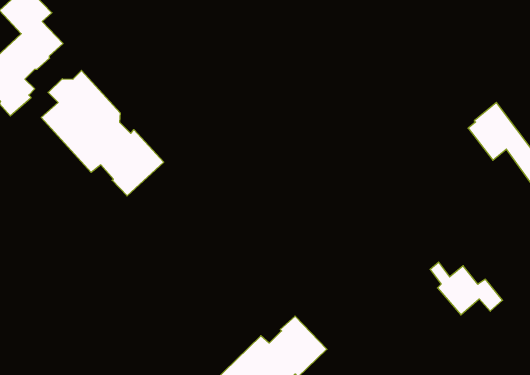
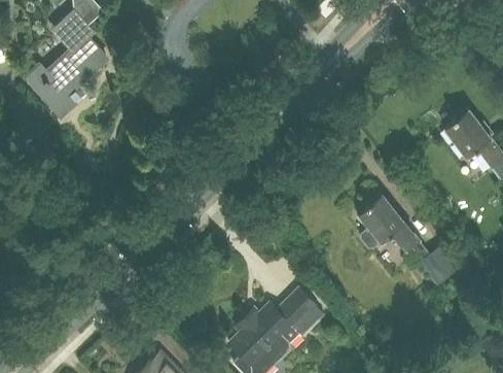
building: [41,70,164,196] -> none
building: none -> [359,192,420,250]

